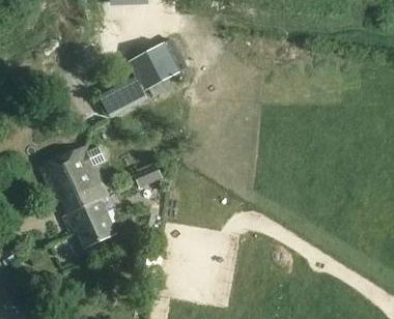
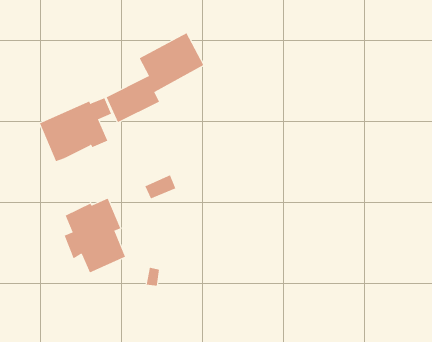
building: [40,145,105,202] -> [39,97,112,162]

